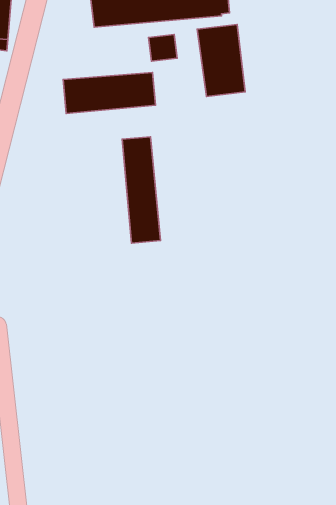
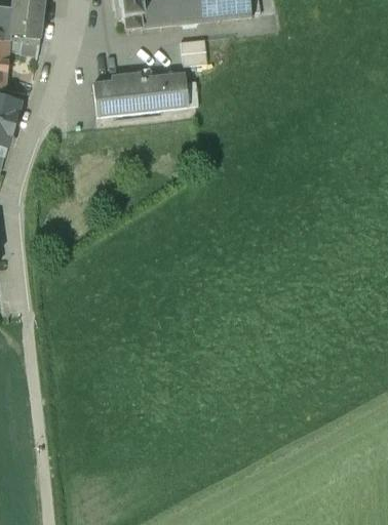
building: [197,24,245,97] -> none
building: [122,137,161,243] -> none

